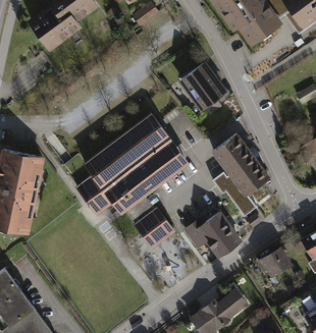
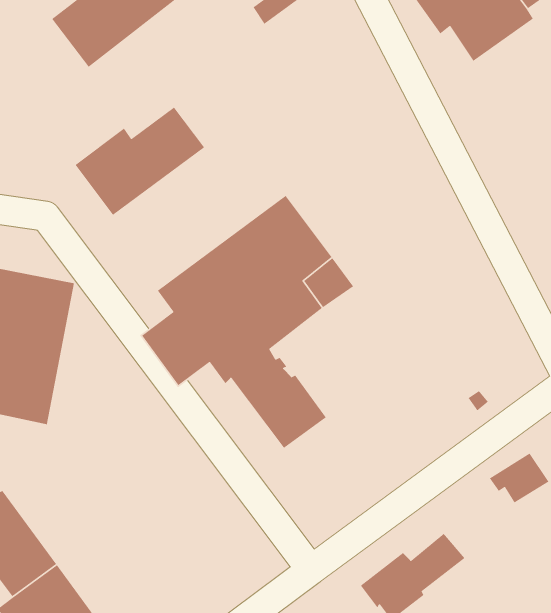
building: [180,63,224,112] -> none
building: none -> [74,107,205,216]
building: [211,133,268,216] -> none
building: [185,212,240,257] -> none

